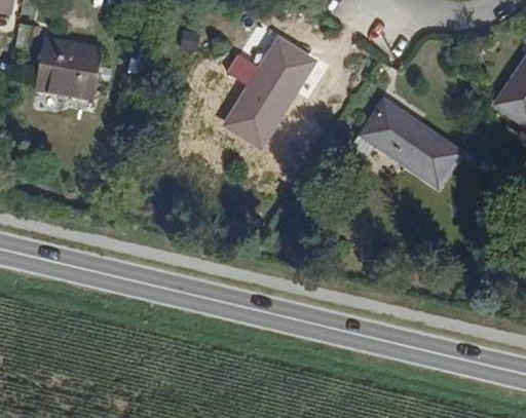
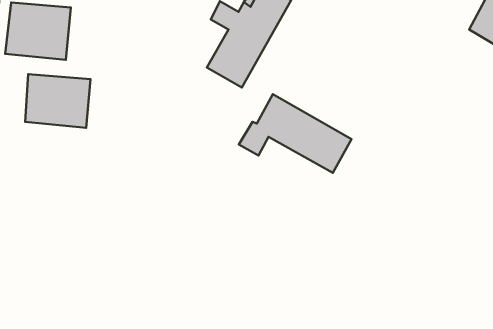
building: [345,103,457,186] -> [239,94,352,173]
building: none -> [25,74,91,128]

